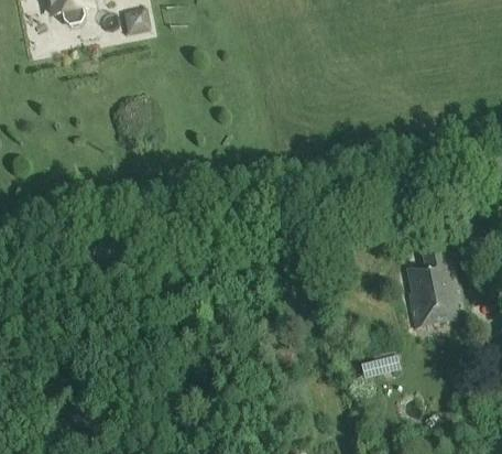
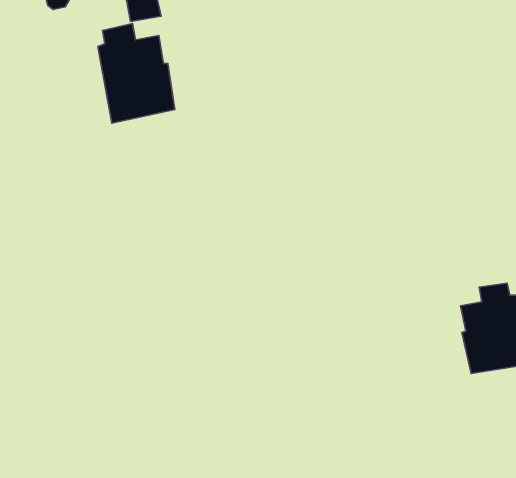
building: none -> [98,24,175,123]

